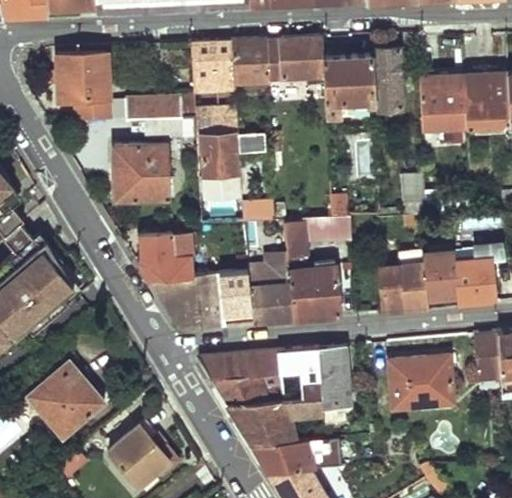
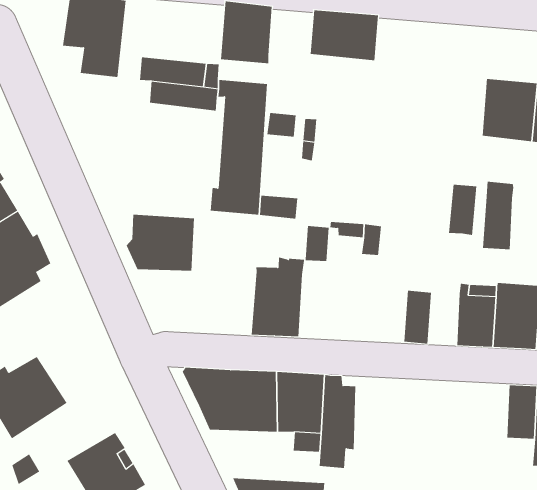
building: [231,41,268,85] -> none
building: [376,49,401,110] -> none
building: [323,56,374,123] -> none
building: [111,144,170,201] -> none
building: [398,252,426,310] -> [482,181,514,250]
building: [288,263,338,319] -> none
building: [147,269,251,329] -> none
building: [390,354,452,406] -> none
building: [227,402,325,446] -> none

